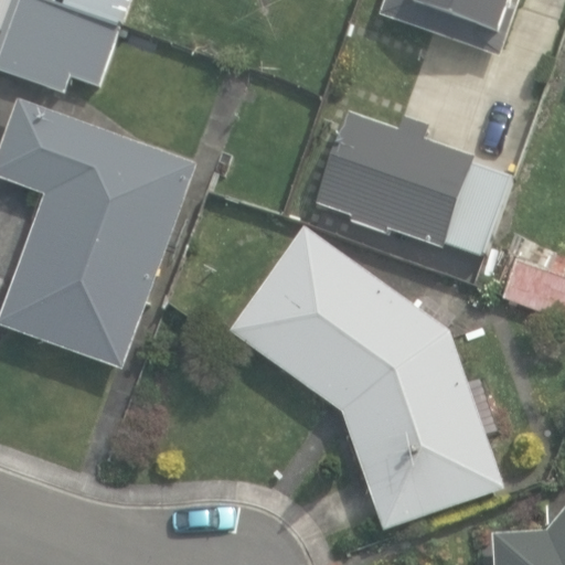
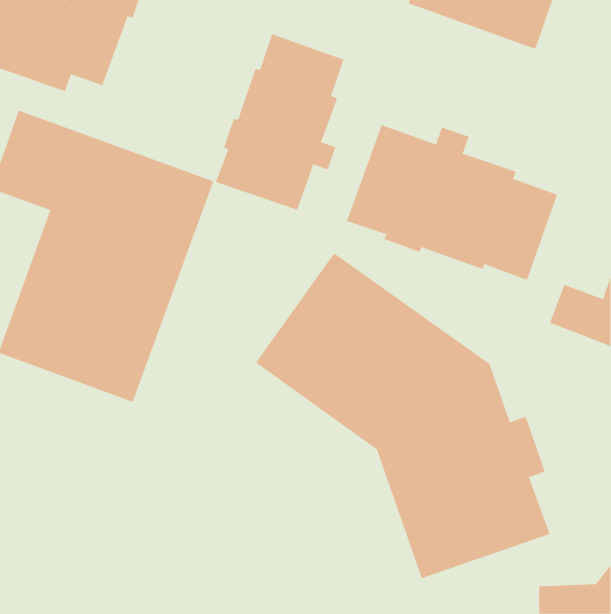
building: none -> [215,33,344,211]

